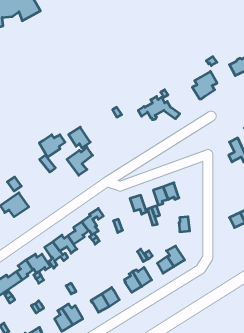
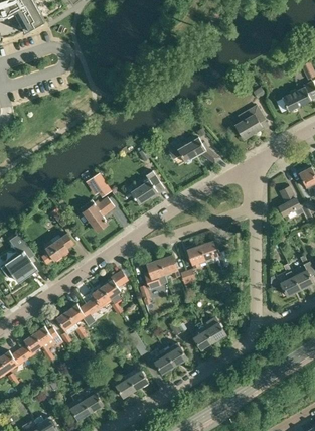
building: none -> [130,170,164,204]
building: [39,135,65,157] -> [42,234,73,261]
building: none -> [146,259,167,288]

